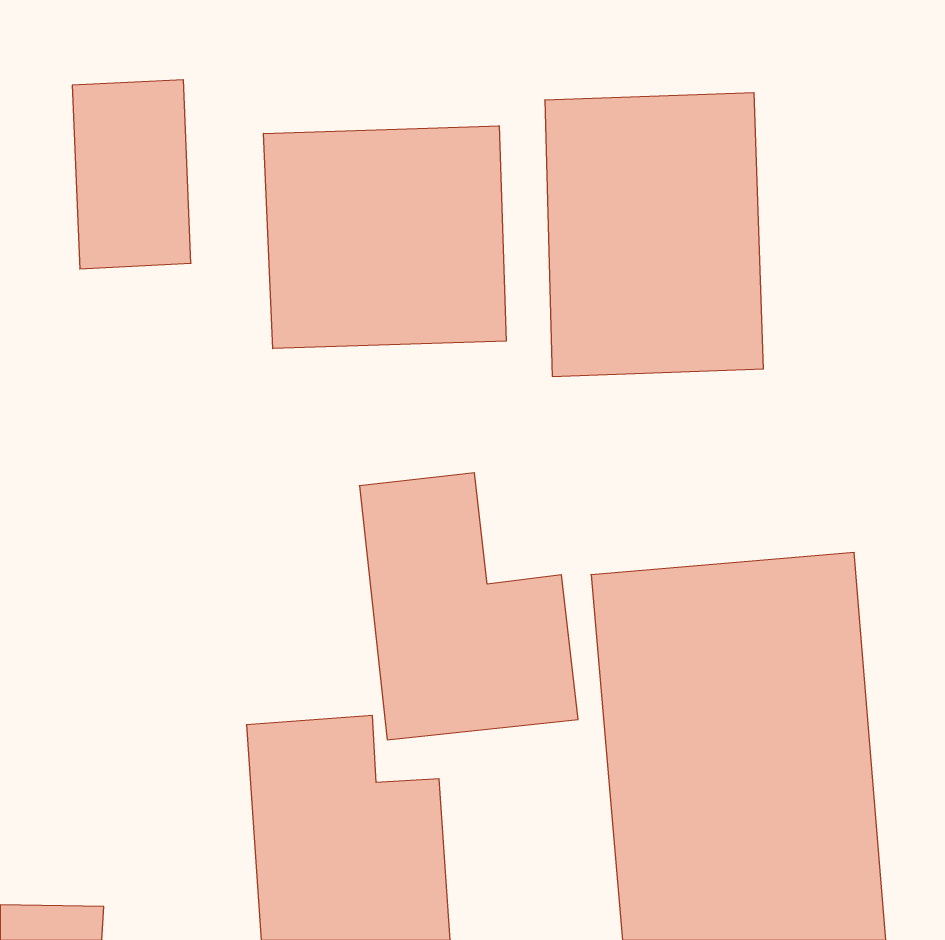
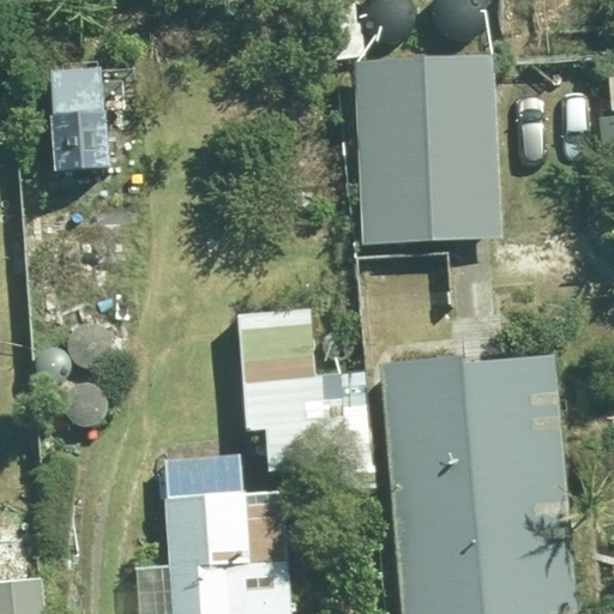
building: [264,126,506,349] -> none

